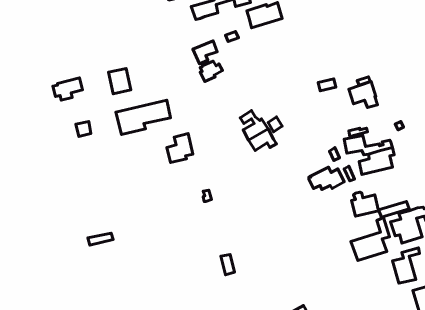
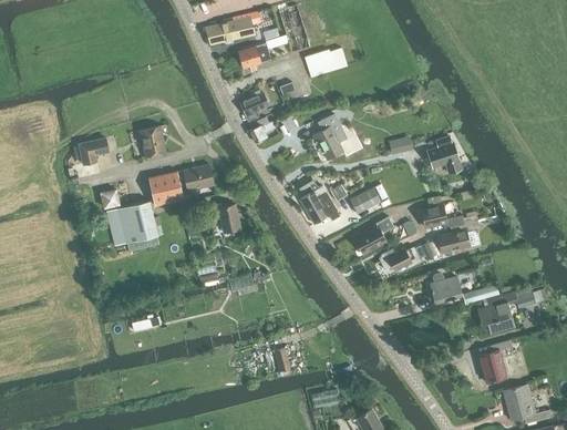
building: none -> [311,113,346,160]
building: none -> [349,187,380,214]
building: none -> [109,201,157,250]
building: none -> [353,217,393,254]
building: [351,218,390,260] -> none

